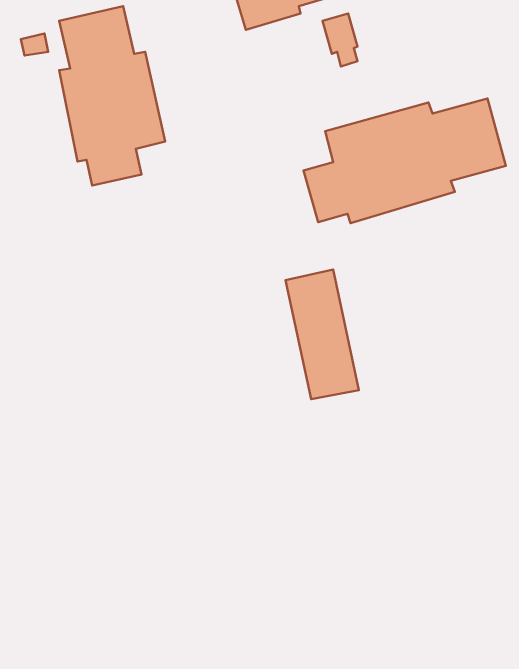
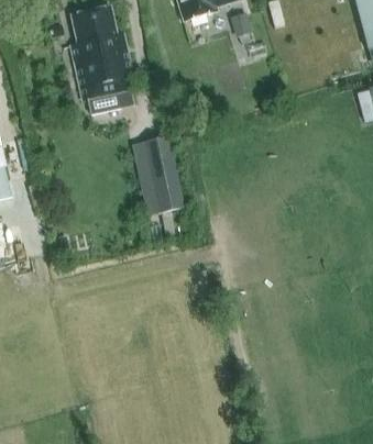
building: [304,99,506,223] -> none
building: [286,269,359,399] -> [143,134,187,212]

